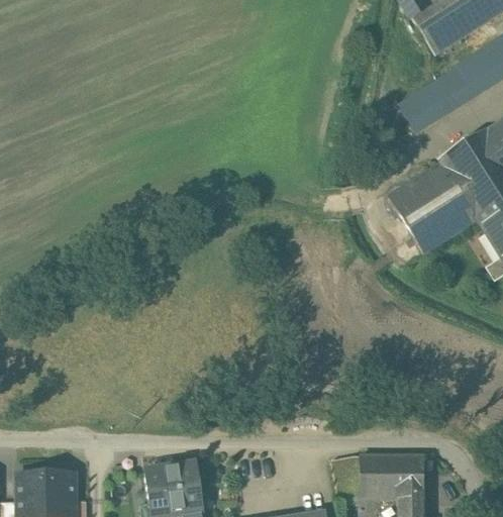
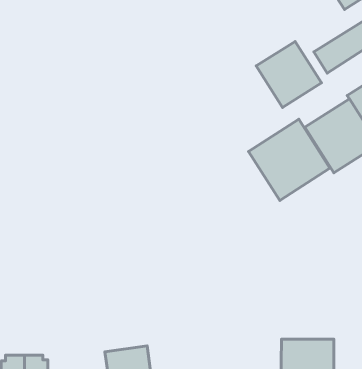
building: none -> [256,41,322,107]
building: none -> [248,119,330,200]

